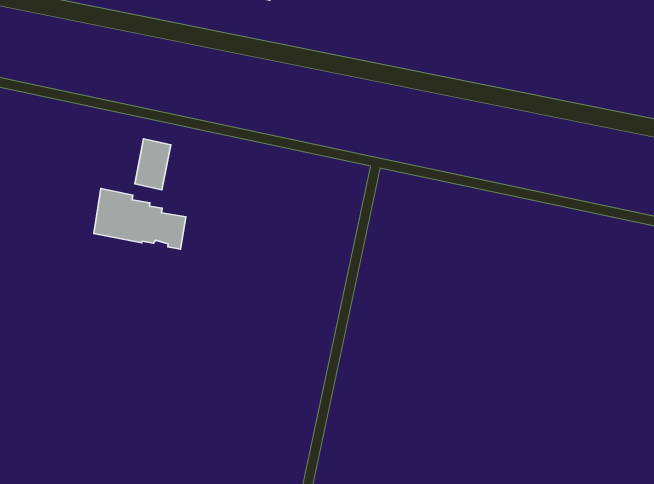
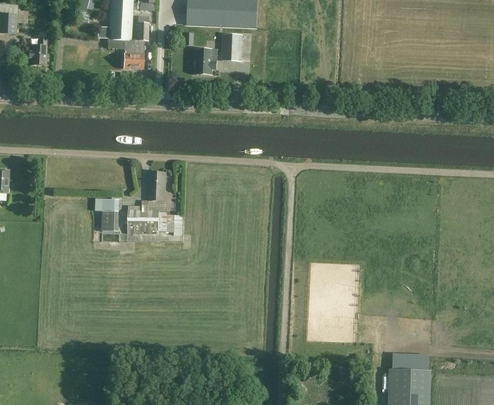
building: none -> [101,199,119,231]

